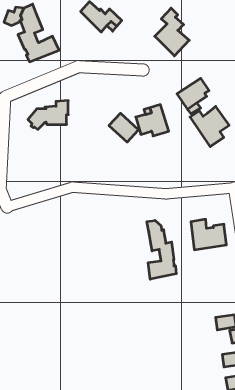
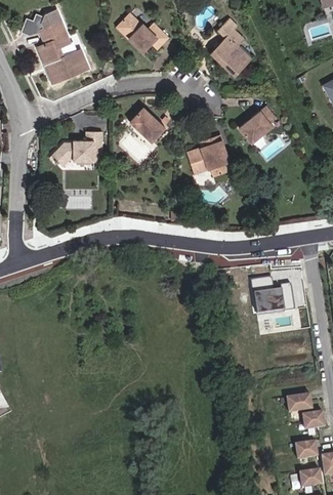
building: [190,106,229,147] -> none
building: [109,113,139,142] -> [125,102,162,138]
building: [147,220,176,279] -> none

